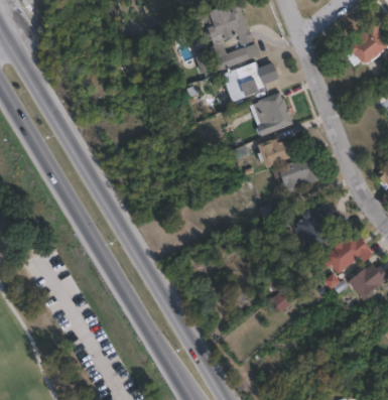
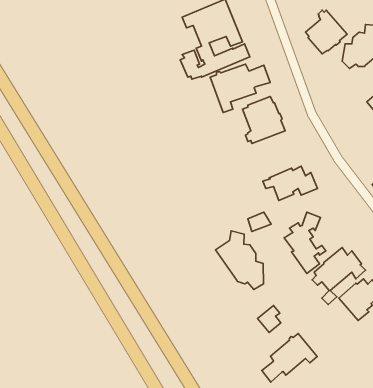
building: none -> [306,10,347,54]
building: [259,138,294,168] -> none
building: none -> [215,231,263,289]
building: none -> [262,333,317,382]

